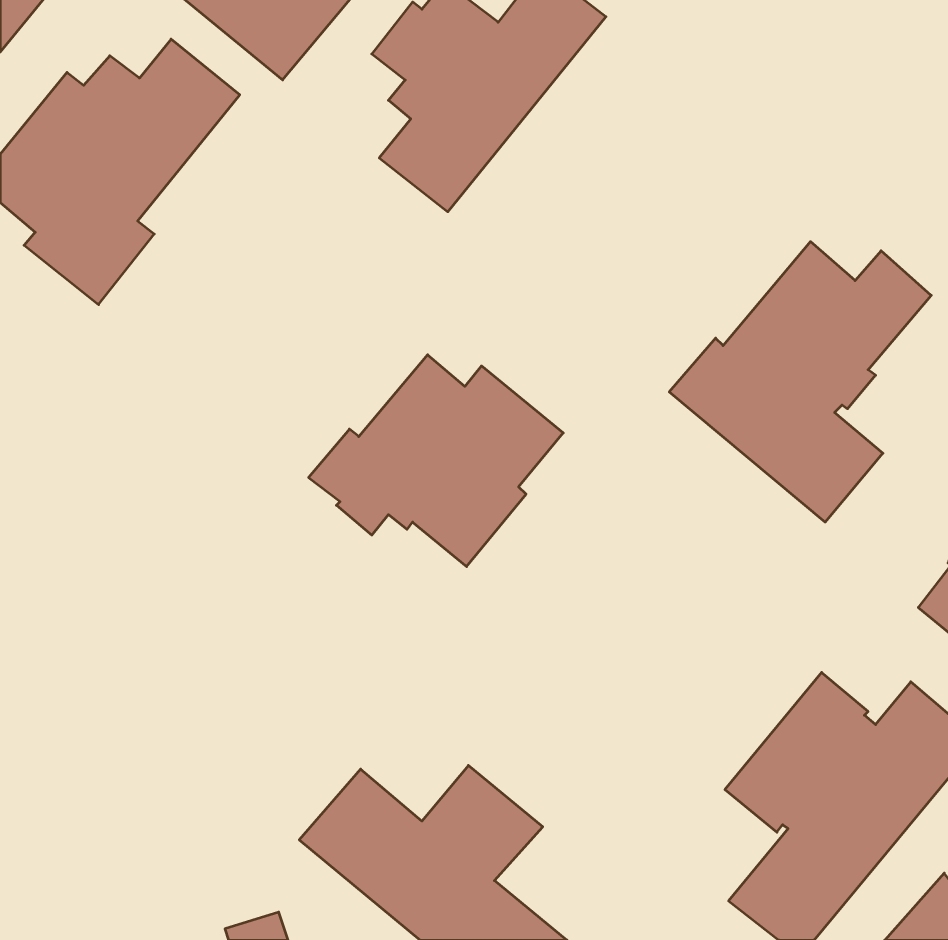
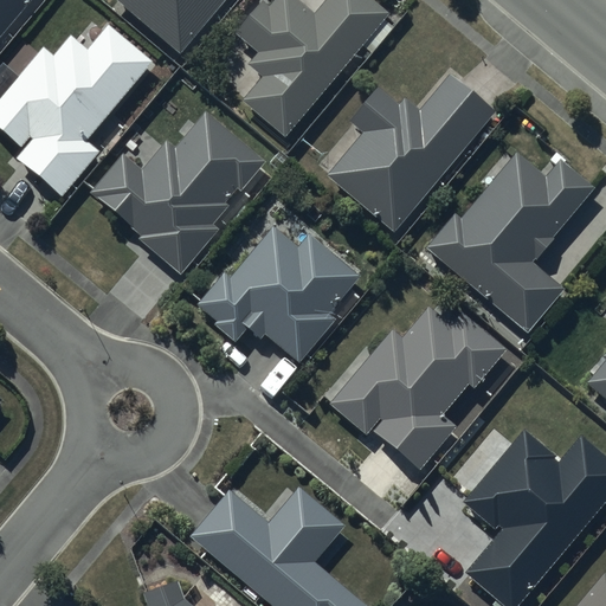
building: none -> [328,75,495,231]
building: none -> [95,111,264,273]
building: none -> [327,305,508,470]

